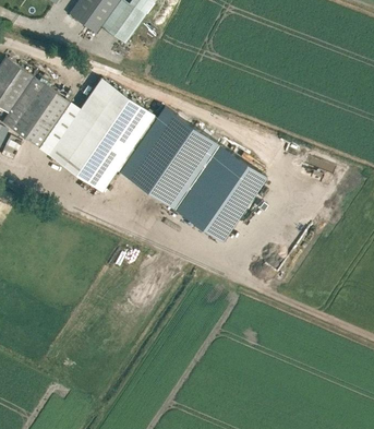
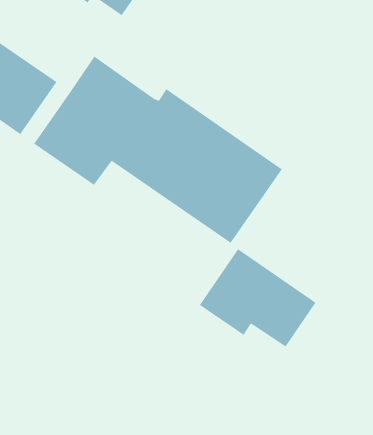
building: none -> [199,248,317,347]

